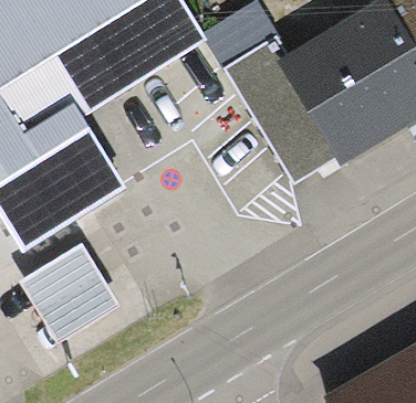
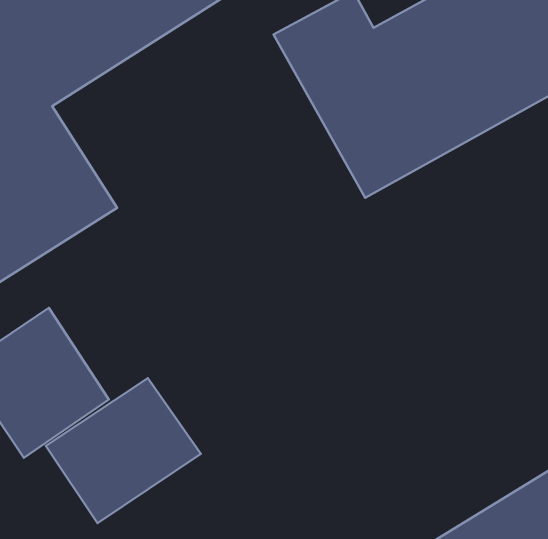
building: none -> [46,378,201,523]

